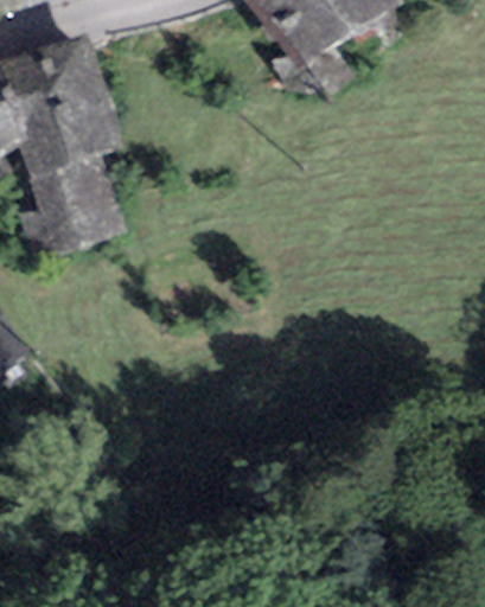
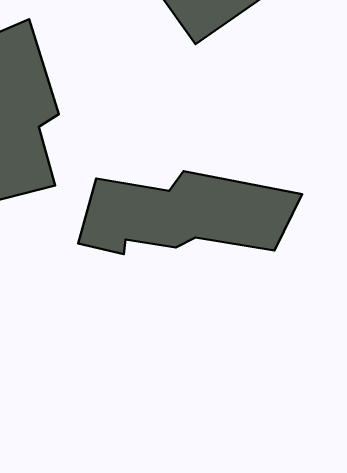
building: none -> [78,171,302,254]

